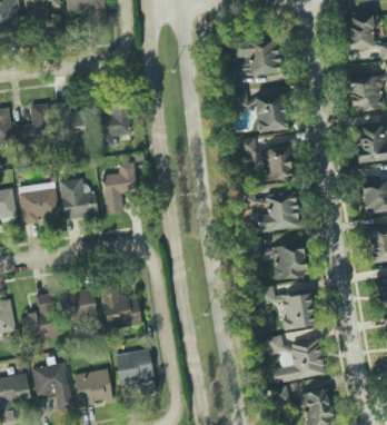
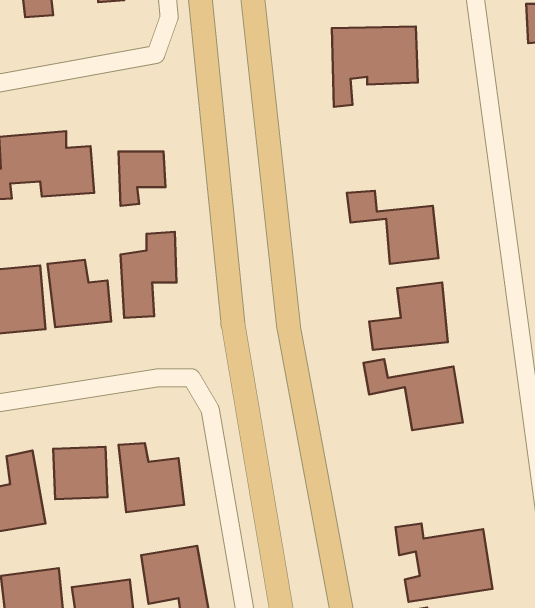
building: [231,87,287,132] -> none
building: [258,286,315,329] -> none

